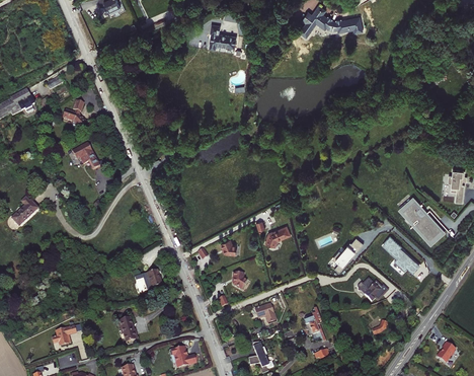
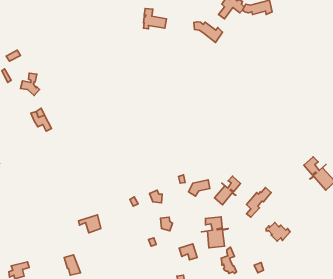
building: none -> [194,22,223,42]
building: none -> [214,176,241,205]
building: [384,234,419,273] -> none
building: none -> [201,217,228,248]

